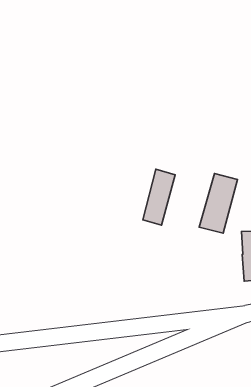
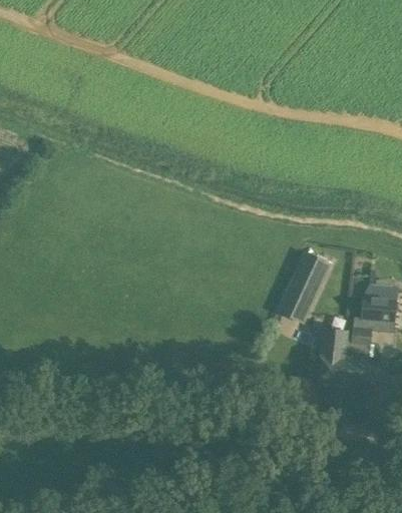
building: [143,169,175,225] -> none

